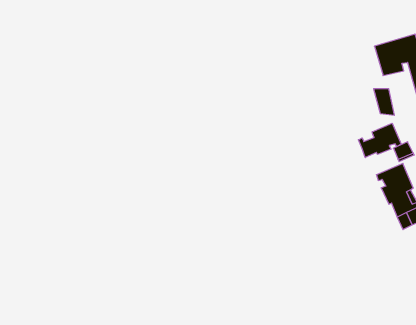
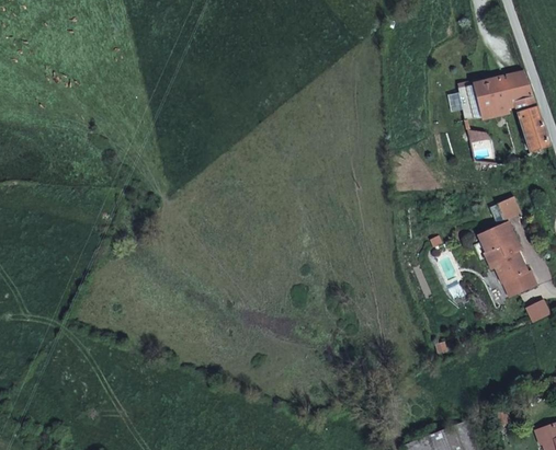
building: [358,123,401,158] -> none

